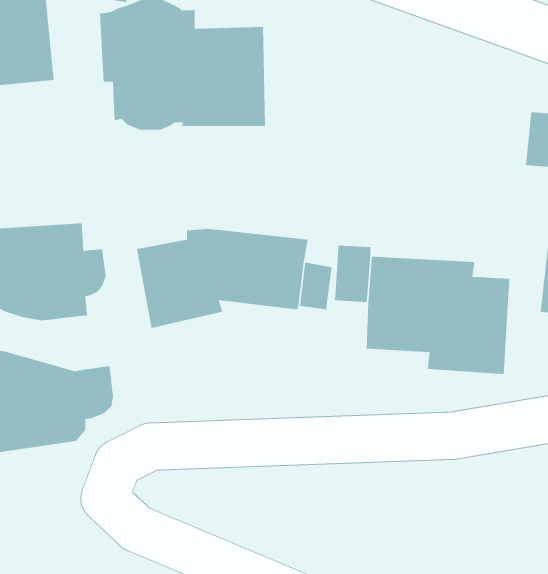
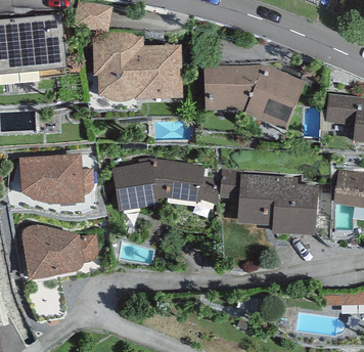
building: none -> [203,61,306,129]

